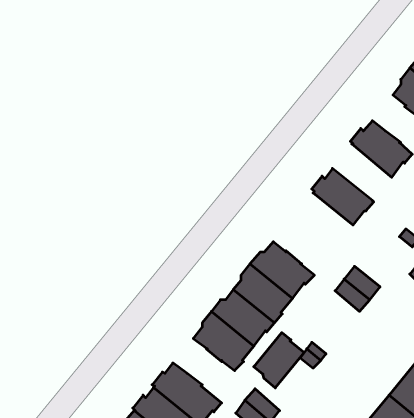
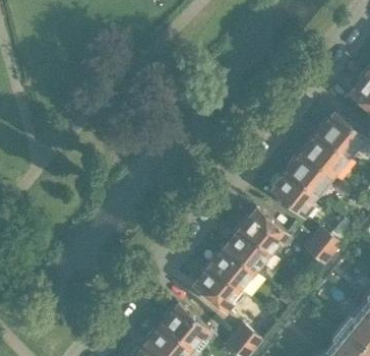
building: none -> [299,132,348,177]
building: none -> [268,171,317,217]
building: [254,333,304,388] -> none

